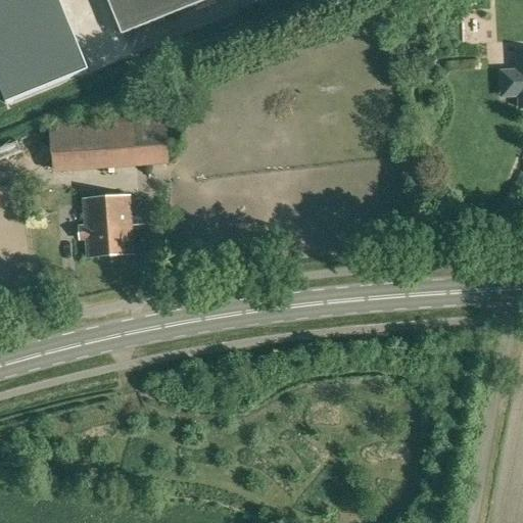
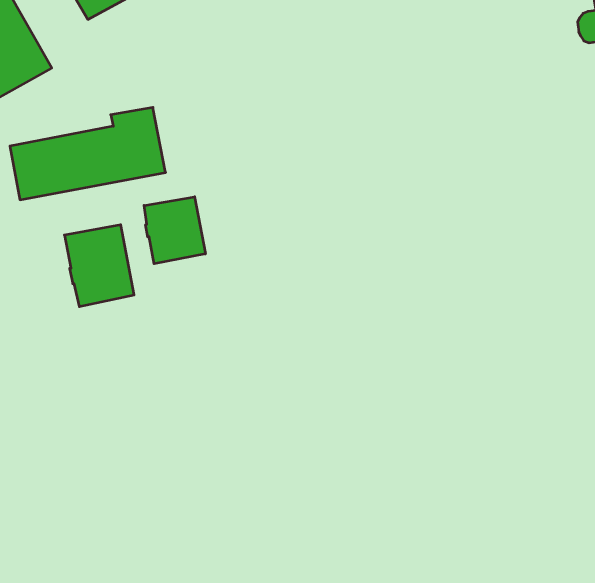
building: none -> [144,197,205,264]

